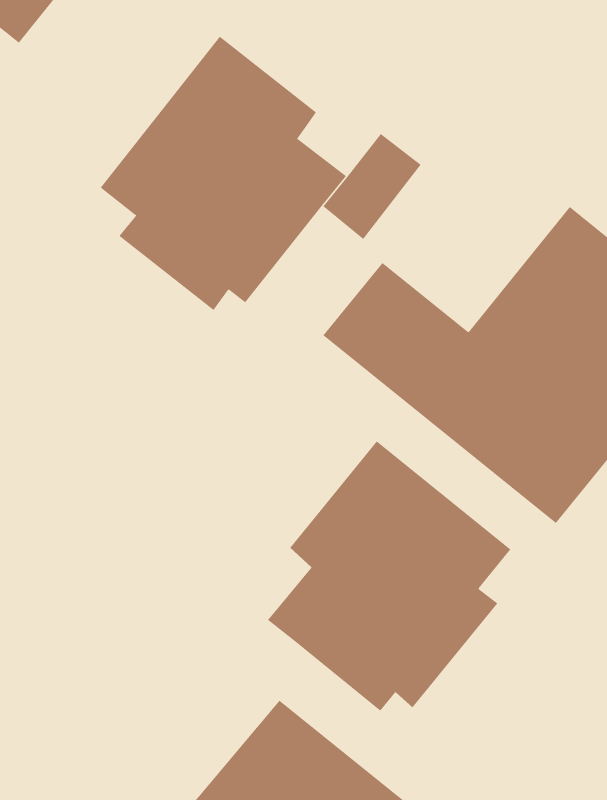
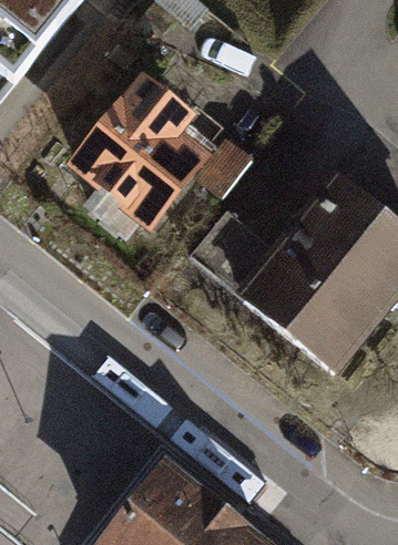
building: [267,440,511,711] -> none

